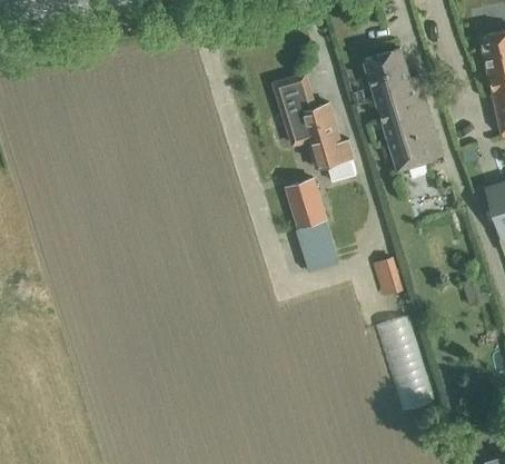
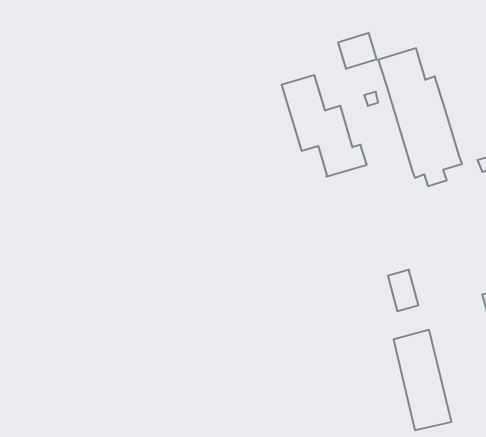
building: none -> [338,33,376,69]
building: [280,177,334,258] -> none

